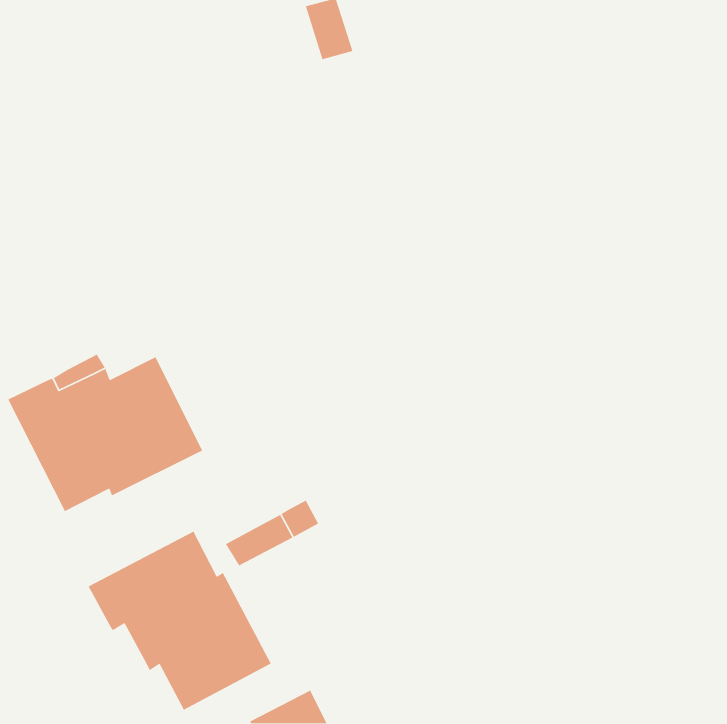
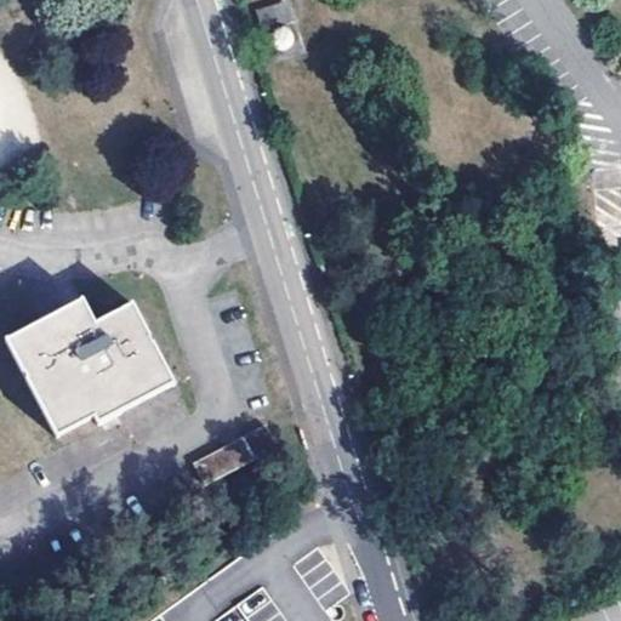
building: [87,531,272,711] -> none

